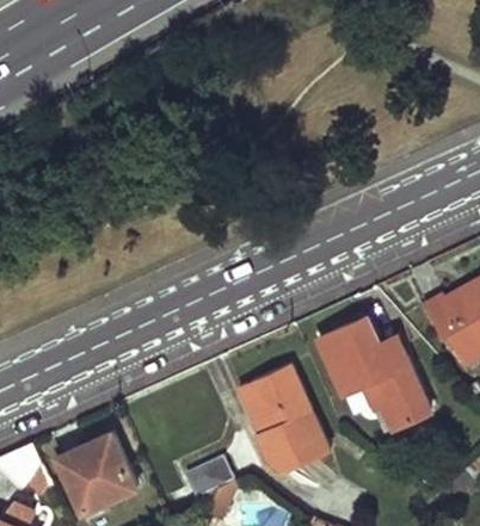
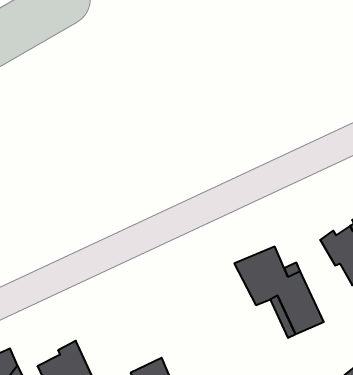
building: [234,361,328,468] -> none

